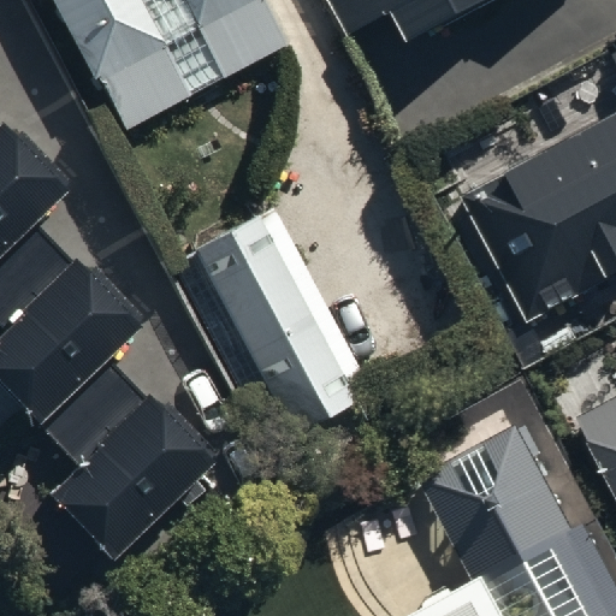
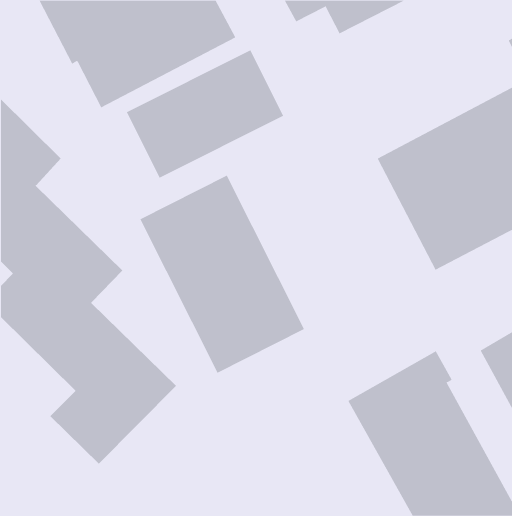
building: none -> [126,49,284,179]

